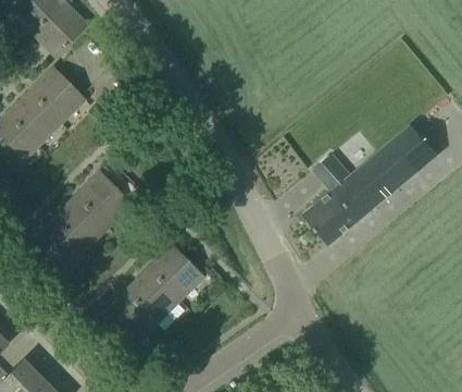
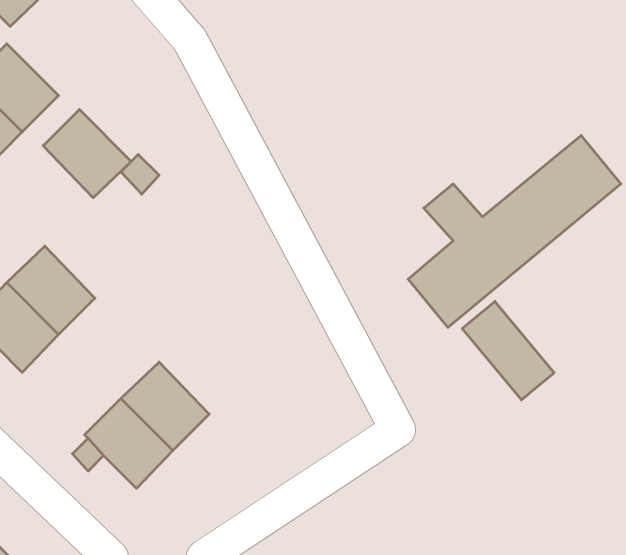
building: [76,171,132,226] -> [43,109,131,198]
building: none -> [462,301,554,400]
building: [148,244,203,299] -> none

